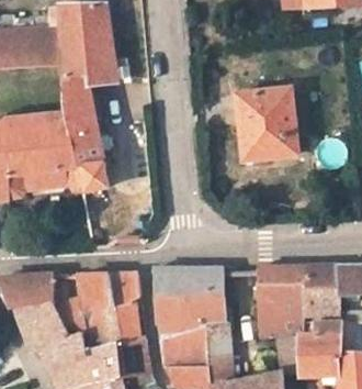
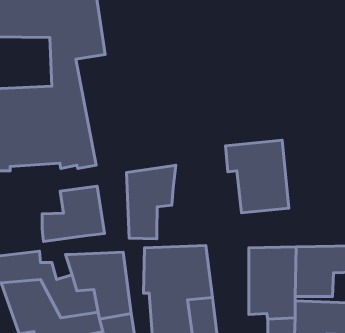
building: [238,89,299,159] -> [226,140,289,213]
building: none -> [127,165,176,239]
building: none -> [42,186,105,242]

